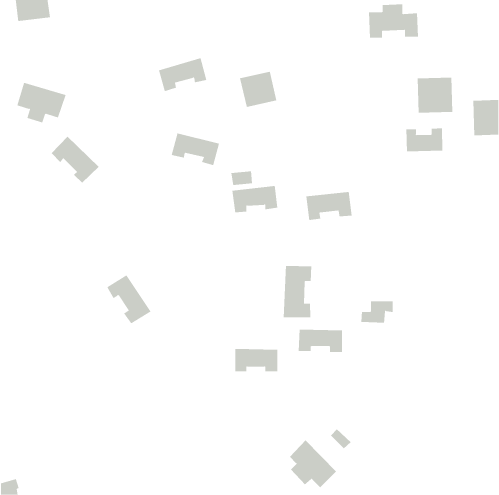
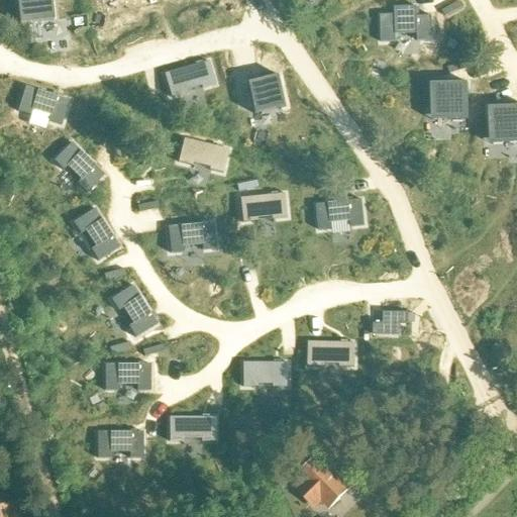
building: [406,127,443,152] -> none
building: none -> [72,207,118,258]
building: none -> [167,221,214,251]
building: [283,265,312,318] -> none
building: none -> [103,363,149,389]
building: none -> [169,416,214,439]
building: none -> [96,430,141,455]

